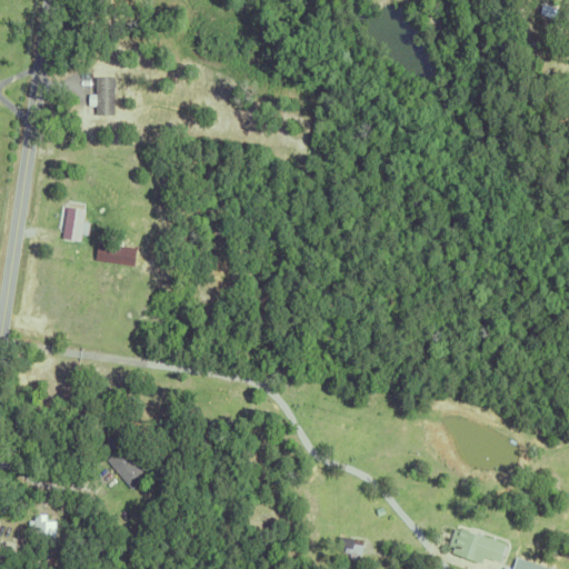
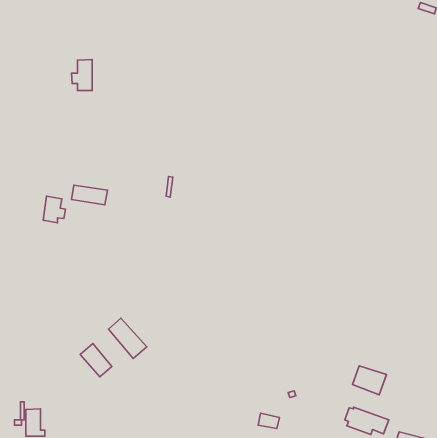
building: [61,206,90,240] -> [43,196,65,223]
building: none -> [108,318,147,359]
building: none -> [352,366,387,395]

